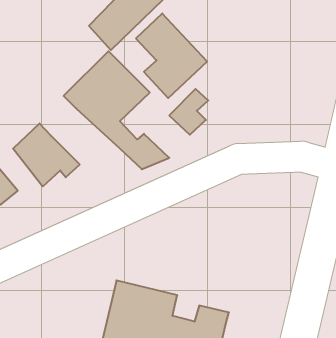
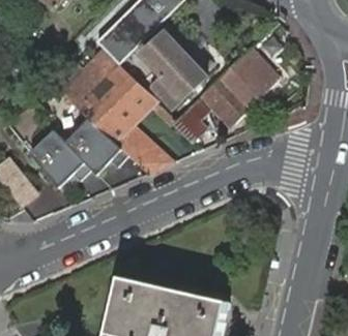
building: none -> [204,49,278,122]
building: none -> [55,53,116,108]
building: none -> [64,119,126,177]

